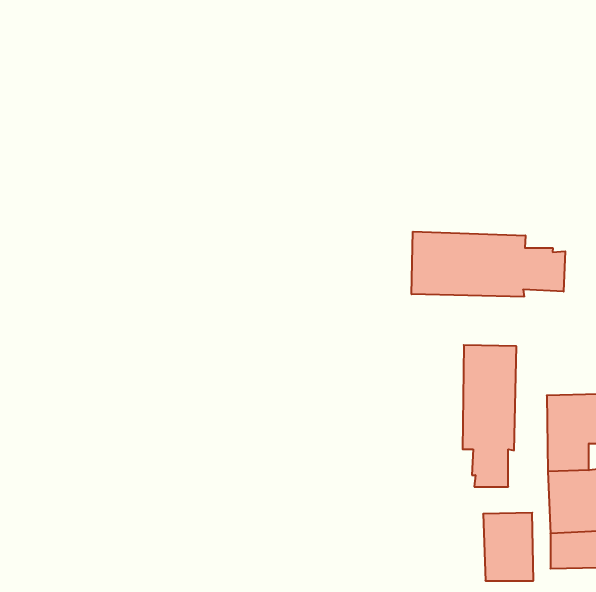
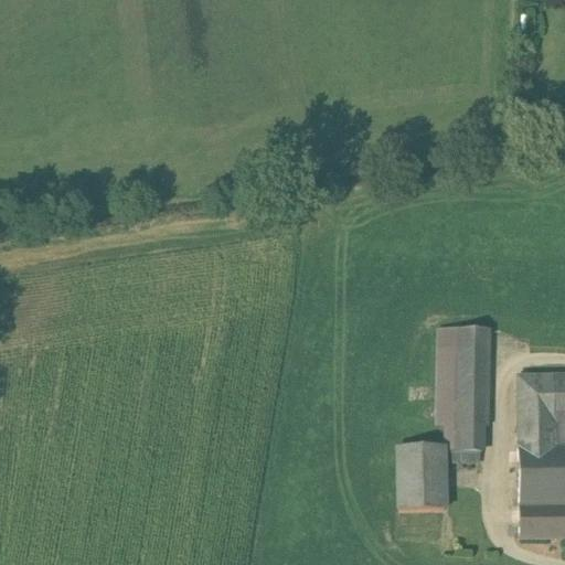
building: [412,232,565,297] -> none
building: [483,513,533,581] -> [398,444,446,508]

